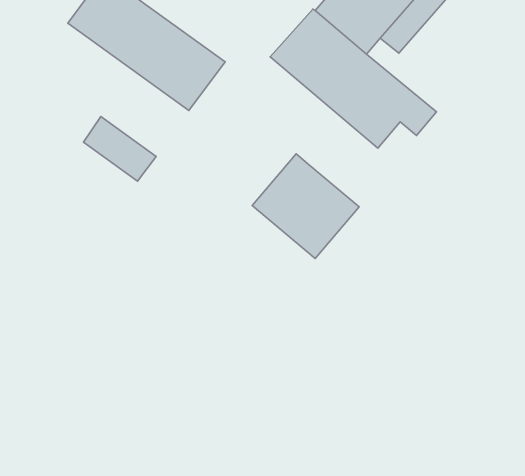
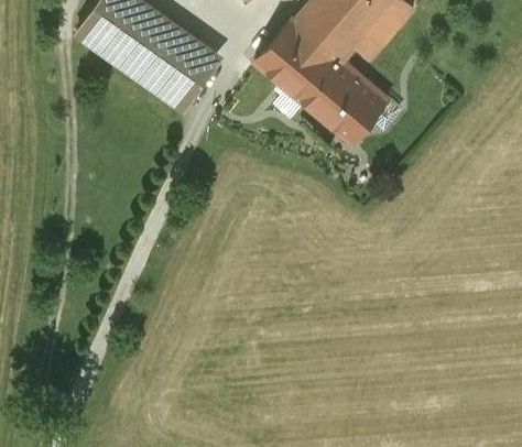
building: [83,117,156,181] -> none
building: [252,154,359,259] -> none

